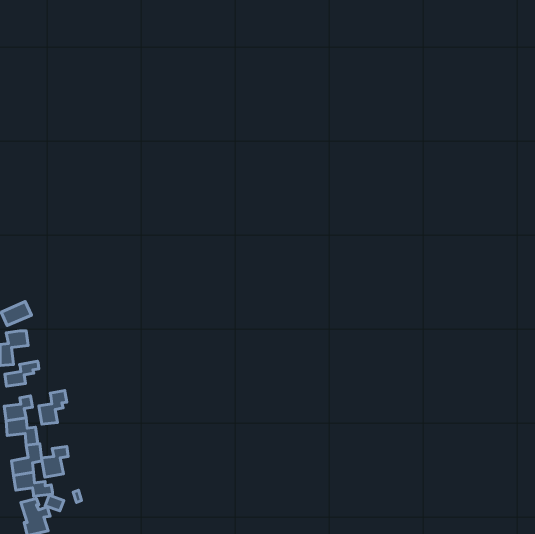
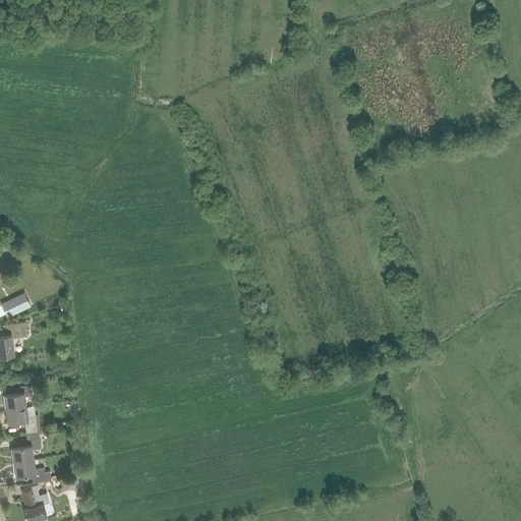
building: [5,361,39,386] -> none
building: [39,391,67,424] -> none
building: [42,446,68,477] -> none

